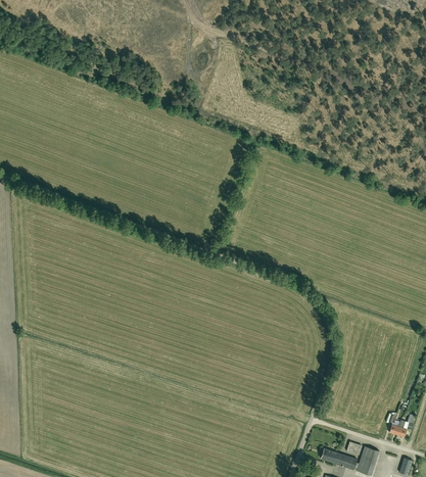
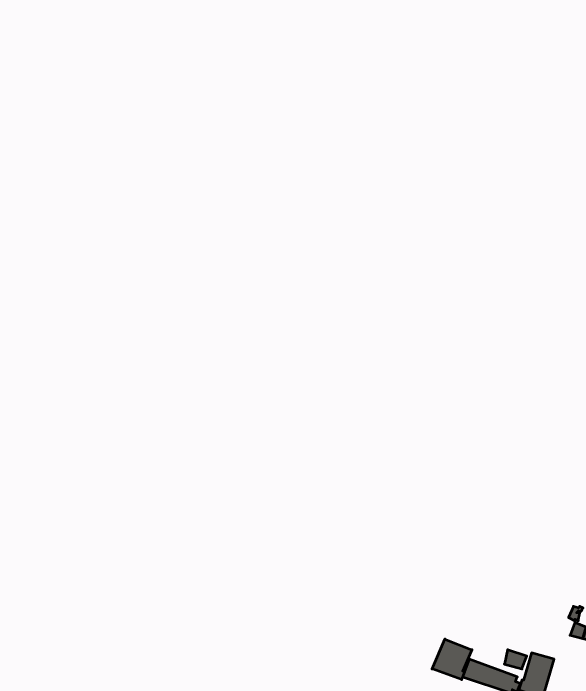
building: none -> [432,639,472,680]

